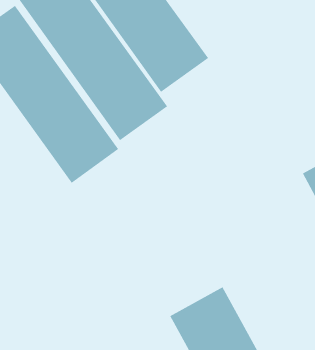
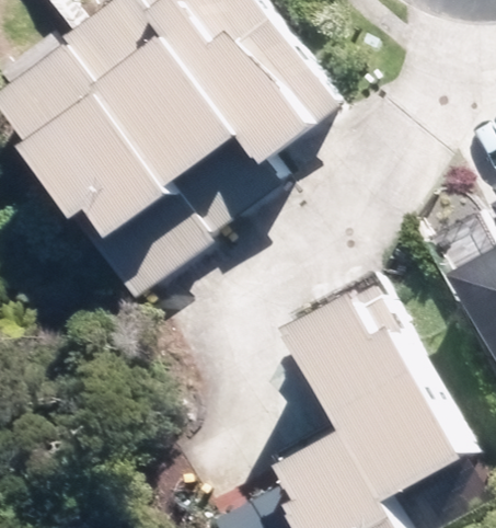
building: none -> [300,284,464,490]

